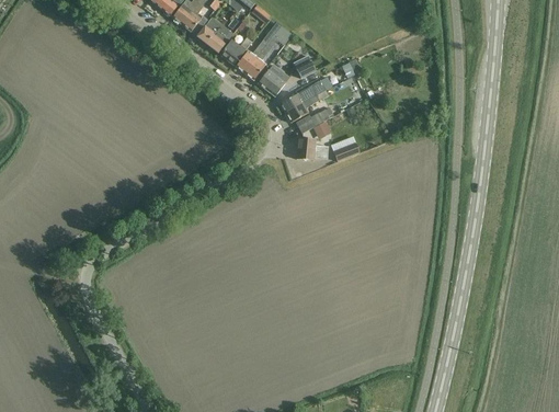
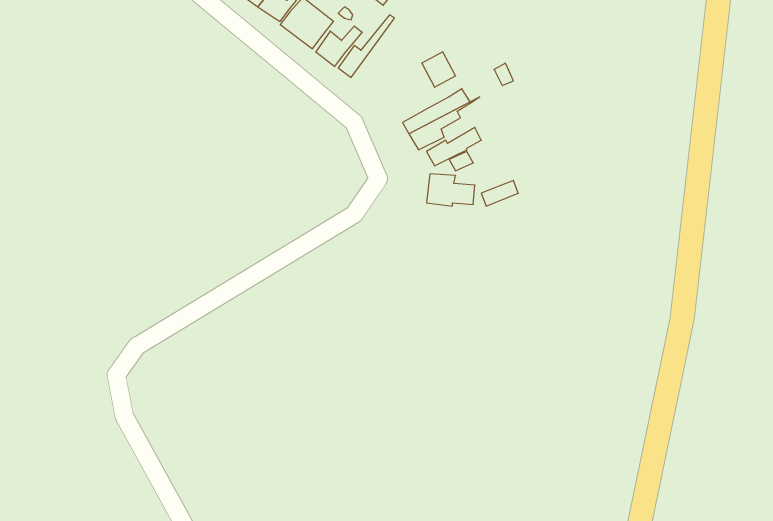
building: [244,24,293,78] -> none
building: [258,62,289,95] -> none

